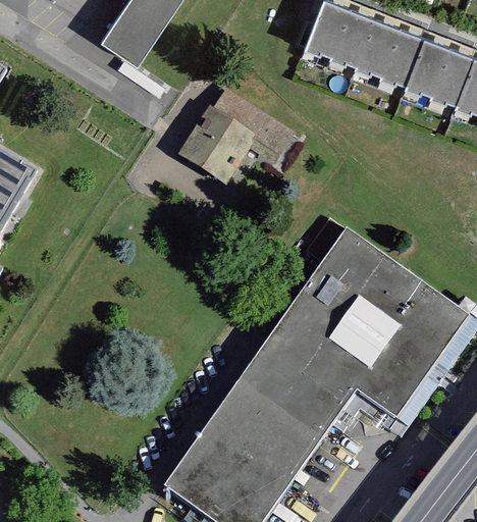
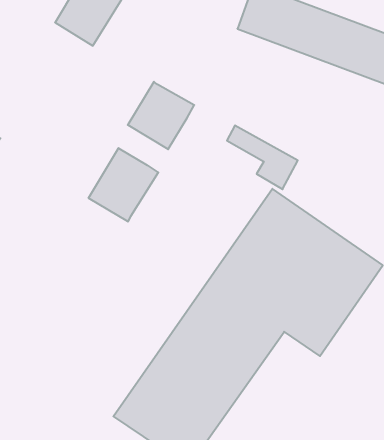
building: [213,94,294,166] -> [227,125,298,189]
building: none -> [89,148,158,222]

